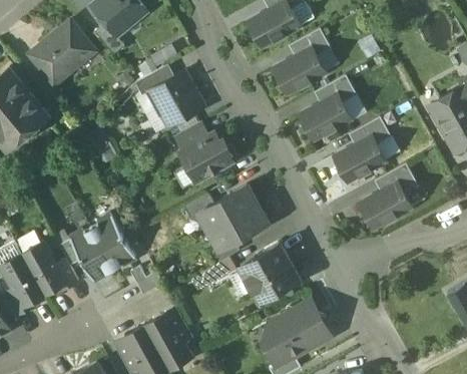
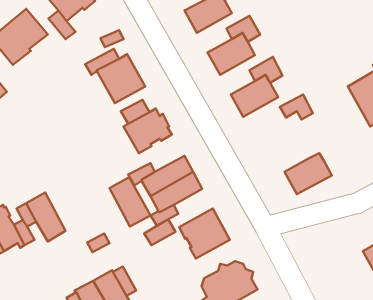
building: [334,135,387,181] -> none
building: [380,163,417,191] -> none
building: [90,215,136,270] -> [109,177,150,226]

